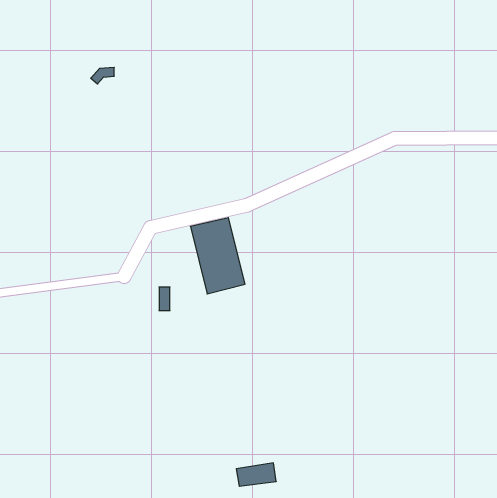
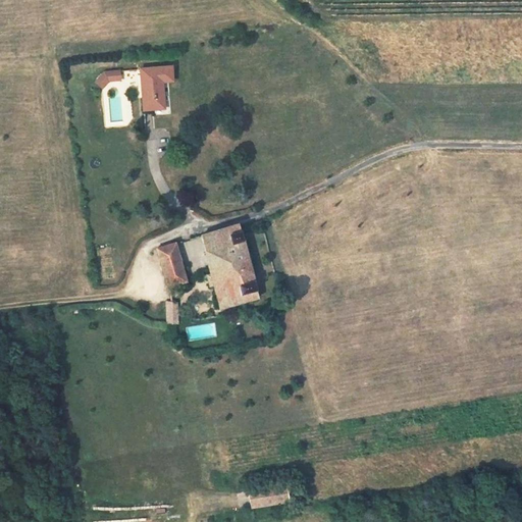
building: none -> [141,64,174,109]
building: none -> [159,245,187,284]

